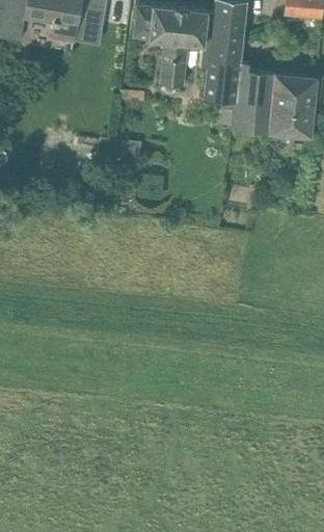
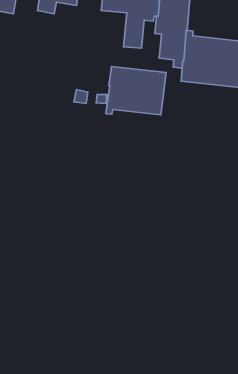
building: none -> [106,67,166,115]

